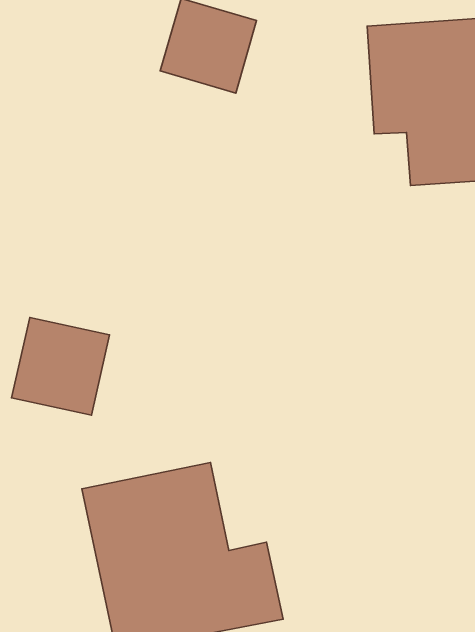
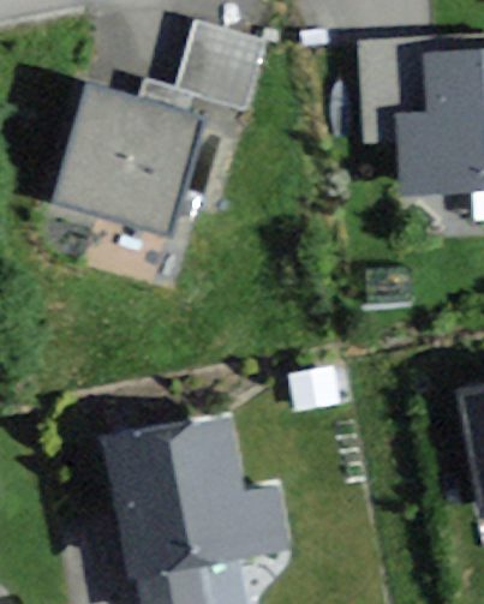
building: none -> [58,89,193,276]
building: [12,317,110,415] -> none

